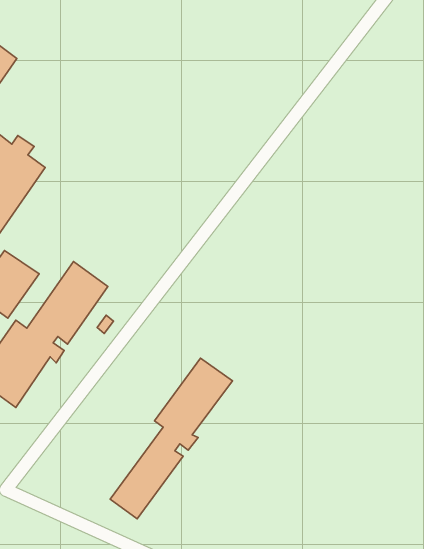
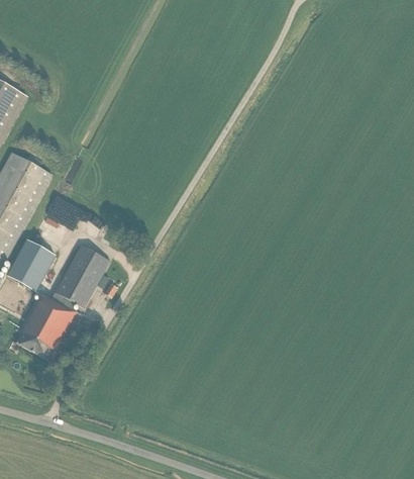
building: [110,358,233,519] -> none

